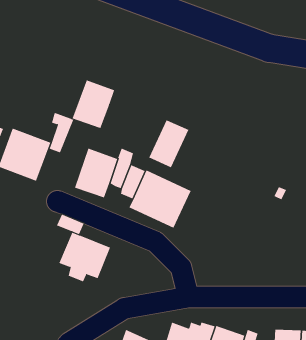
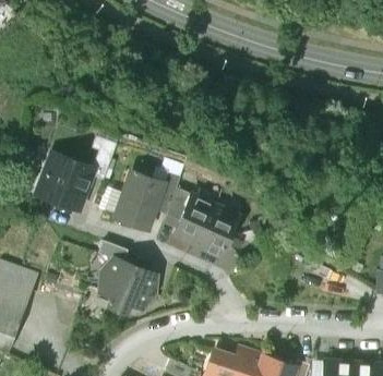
building: [72,79,115,129] -> none
building: [149,119,189,168] -> none

